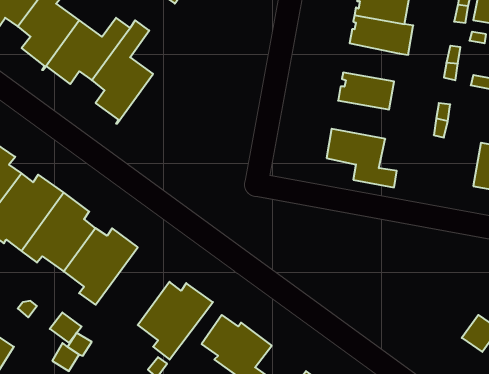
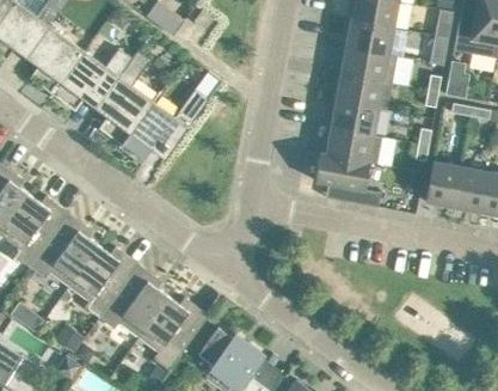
building: none -> [119,71,222,161]
building: none -> [331,73,392,110]
building: none -> [320,127,382,164]
building: none -> [425,161,460,207]
building: none -> [99,264,168,337]

